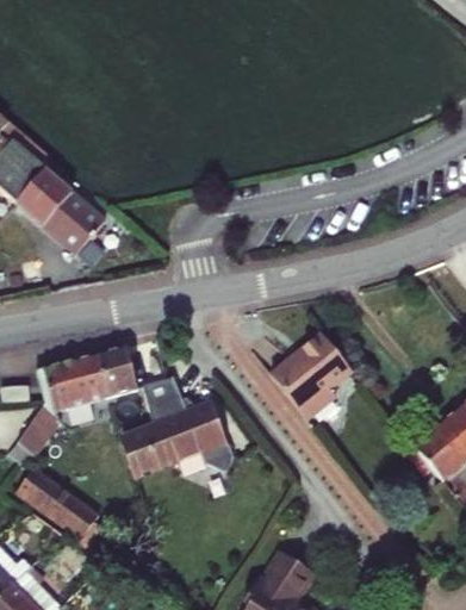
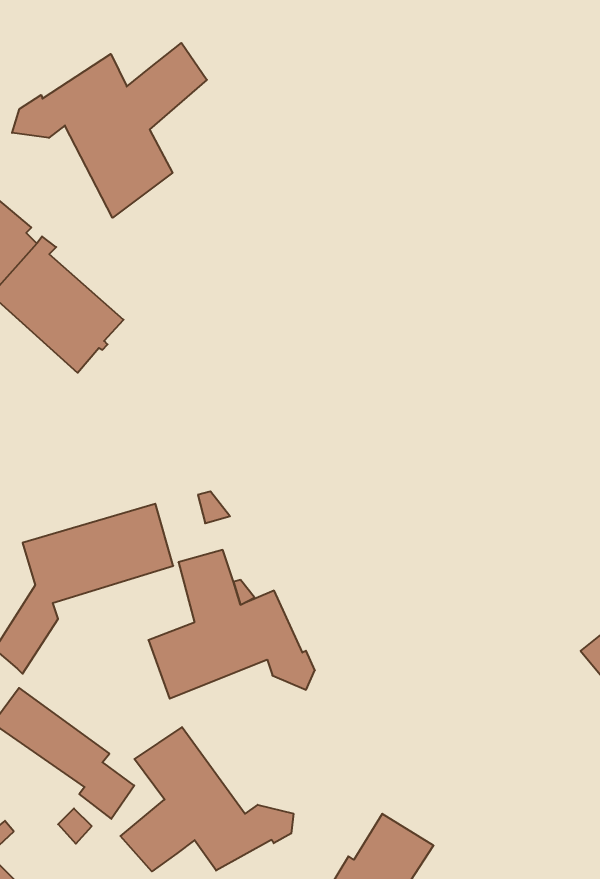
building: none -> [12,43,207,218]
building: [271,330,350,416] -> none
building: none -> [120,727,293,871]

